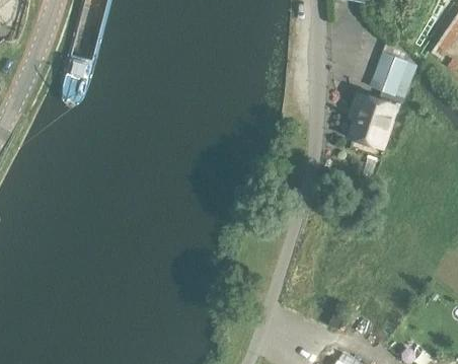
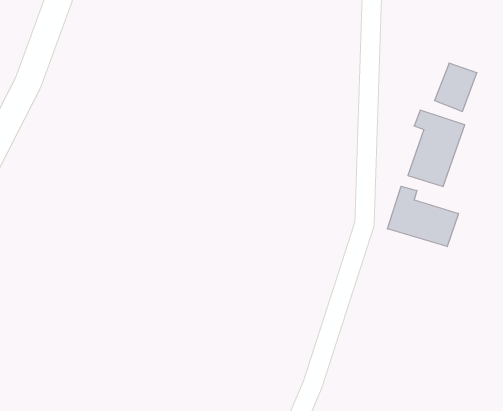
building: none -> [387,186,458,247]

